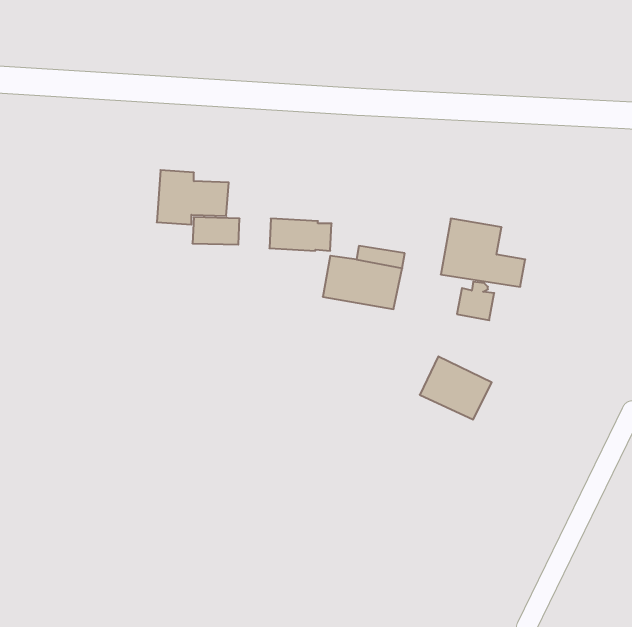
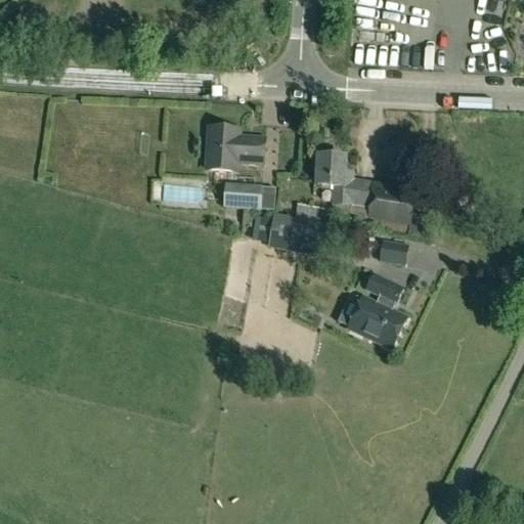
building: [157,170,229,225] -> [205,124,264,169]
building: none -> [315,154,372,226]
building: none -> [363,269,403,302]

